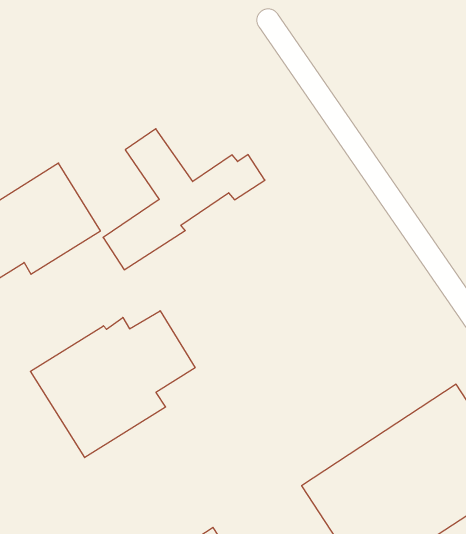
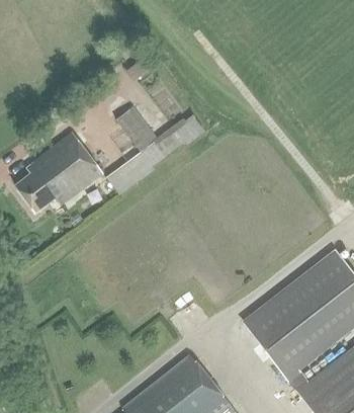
building: [30,311,195,458] -> none

